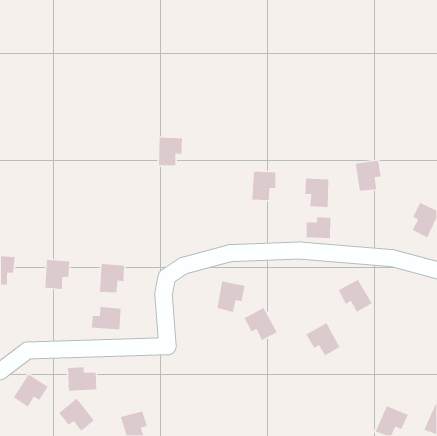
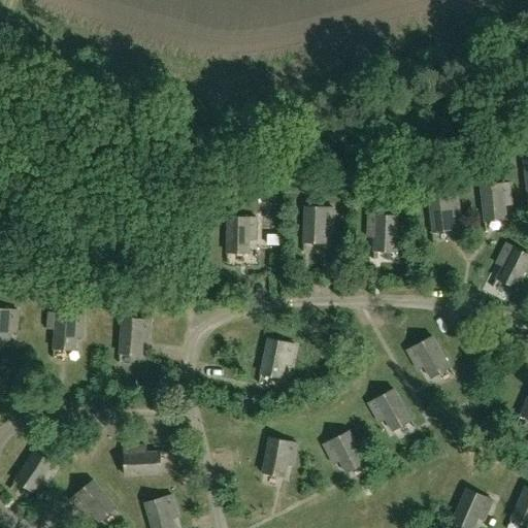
building: [158,137,183,166] -> [227,217,257,252]
building: none -> [481,183,512,221]
building: [306,216,331,239] -> none
building: [91,306,121,330] -> none
building: [243,307,278,341] -> [324,431,365,472]
building: none -> [263,437,298,476]
building: [67,367,97,391] -> [124,446,160,475]

